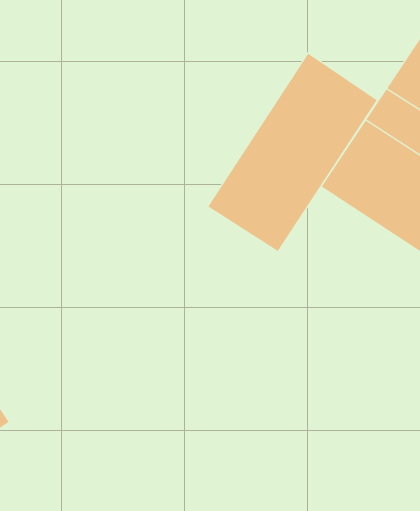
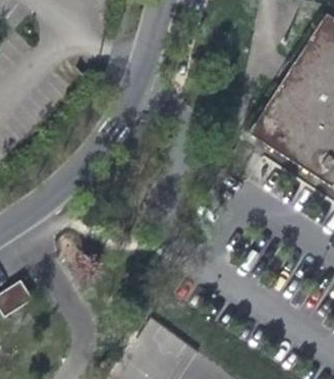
building: [208,53,378,252] -> none

